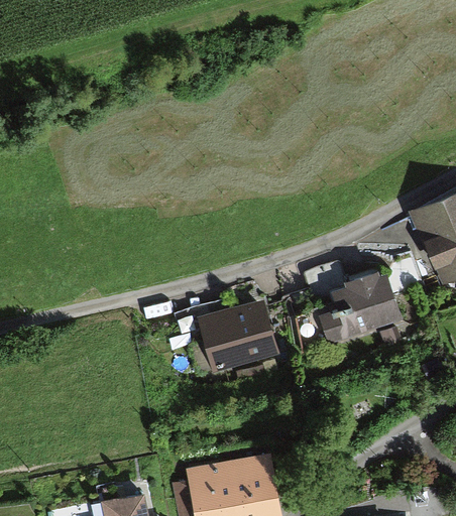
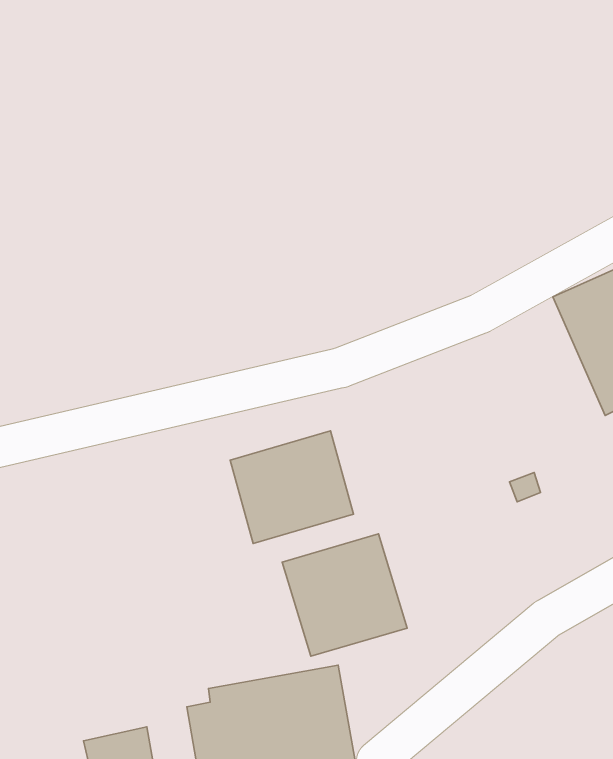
building: [313,270,402,344] -> none
building: none -> [282,534,407,656]

